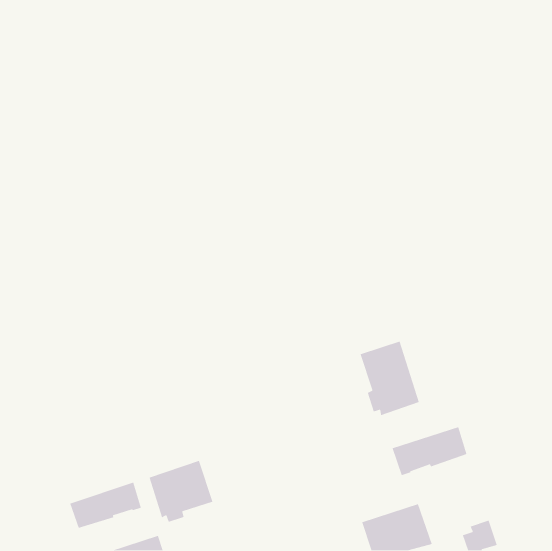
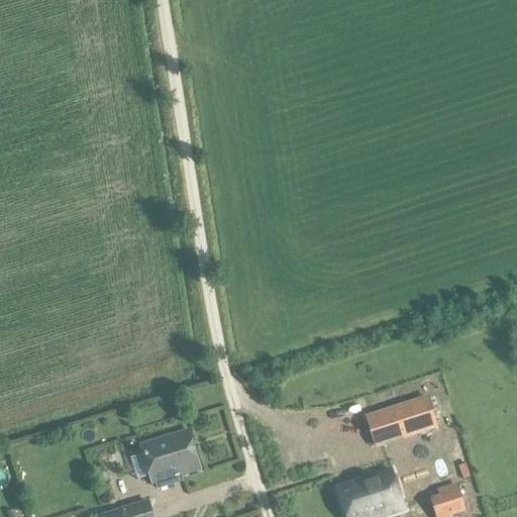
building: [359,341,420,416] -> none
building: [69,482,142,529] -> none

